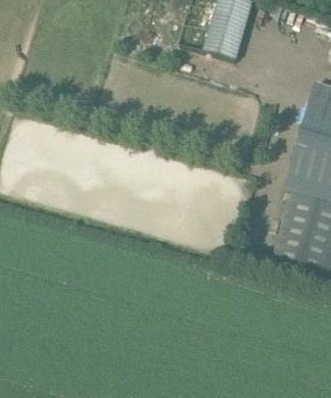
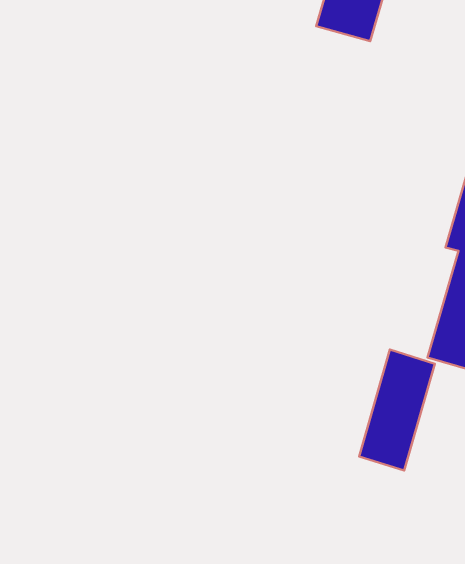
building: none -> [359,350,435,471]

